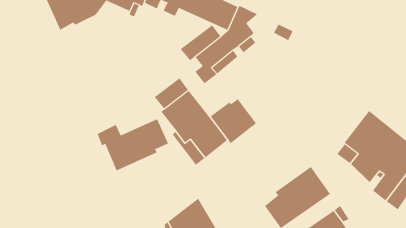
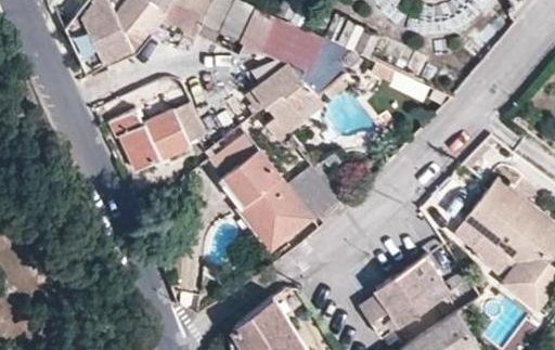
building: [97,118,169,171] -> [111,103,207,173]

